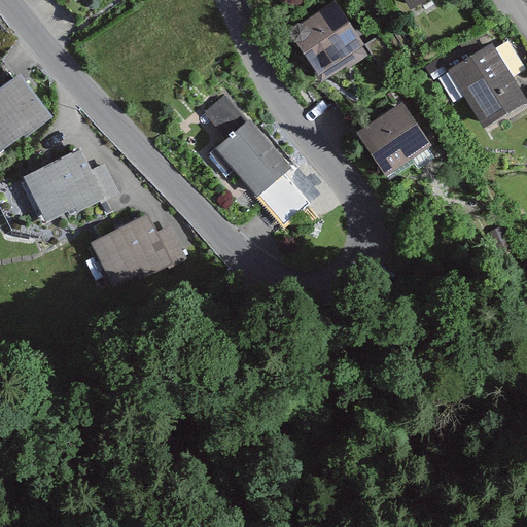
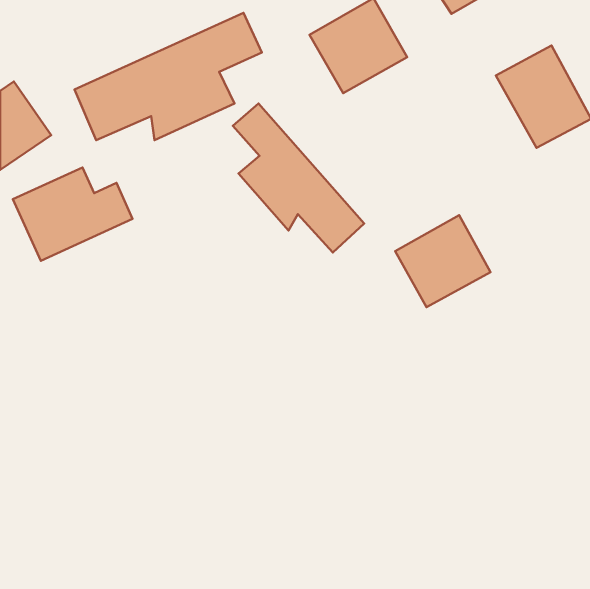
building: none -> [74,13,262,140]
building: [347,101,431,182] -> [395,215,491,307]
building: [85,210,188,293] -> none

